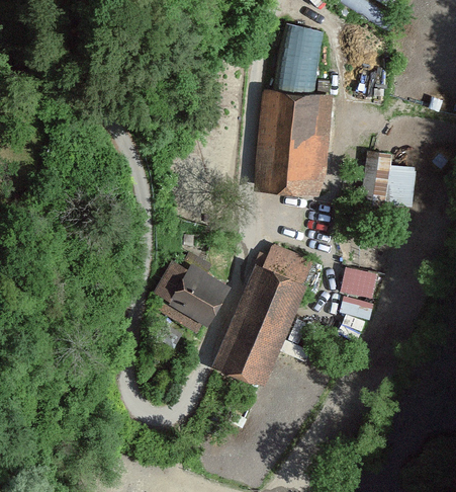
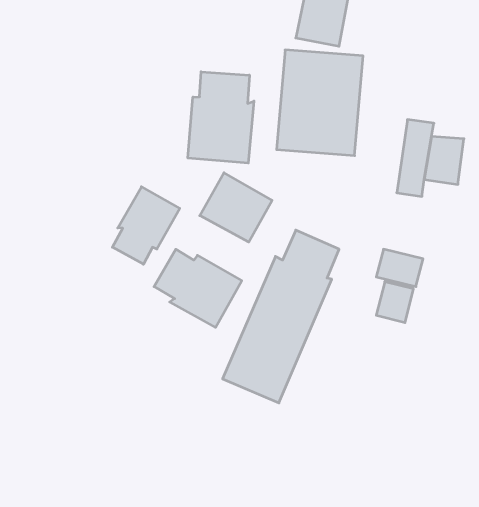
building: none -> [188,72,254,163]
building: none -> [200,173,272,242]
building: none -> [112,187,180,264]

